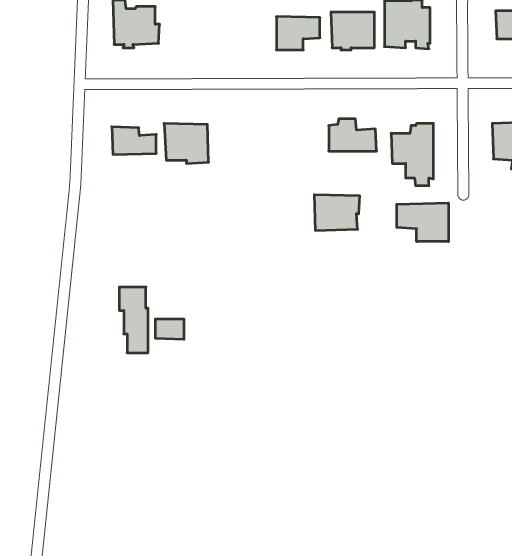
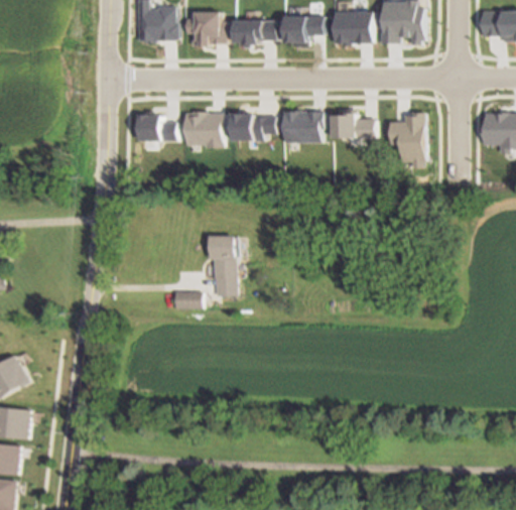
building: none -> [185,11,226,45]
building: none -> [234,19,278,44]
building: none -> [231,112,275,140]
building: [314,195,360,230] -> [282,110,324,142]
building: [397,203,448,242] -> none
building: [119,287,148,353] -> [210,235,236,294]

